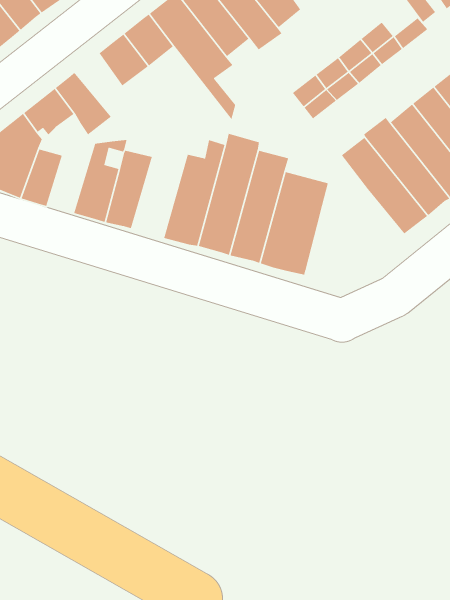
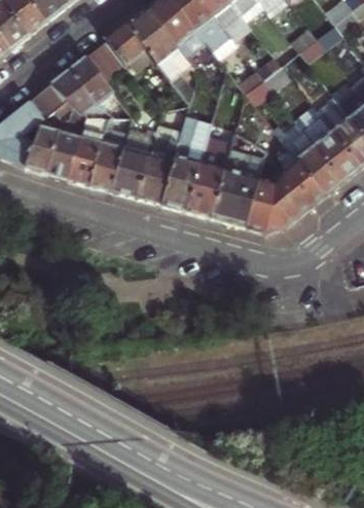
building: none -> [70,53,121,110]
building: none -> [48,108,85,178]
building: none -> [114,129,157,197]
building: none -> [249,159,326,232]

